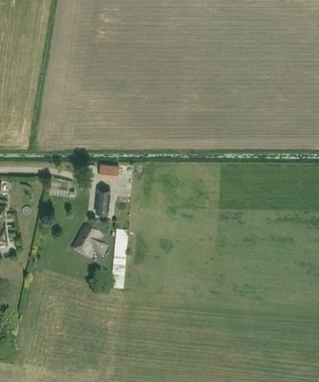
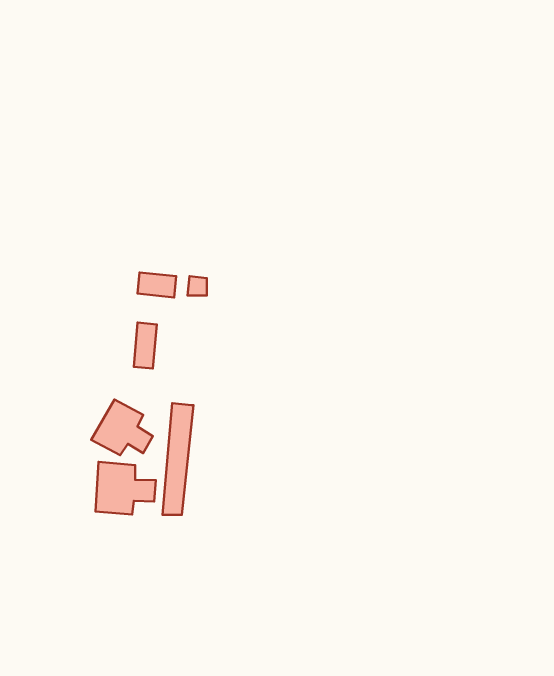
building: none -> [96,462,156,515]

